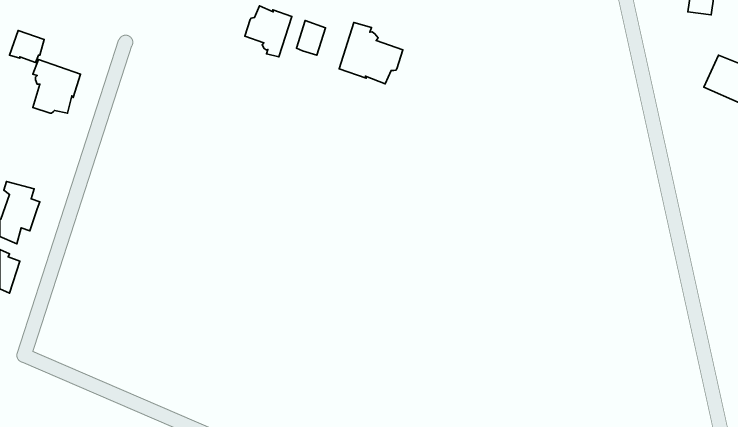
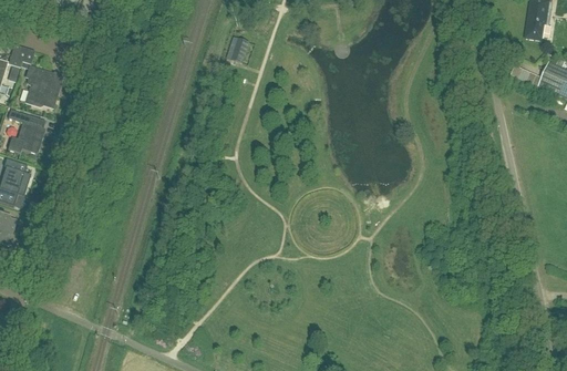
building: [245,6,292,57] -> none
building: [339,23,403,84] -> none
building: none -> [7,110,44,155]

